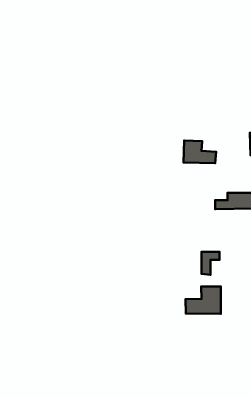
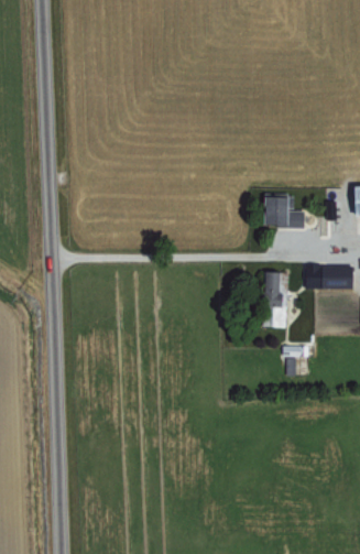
building: none -> [264,272,290,327]
building: [185,286,221,314] -> none

